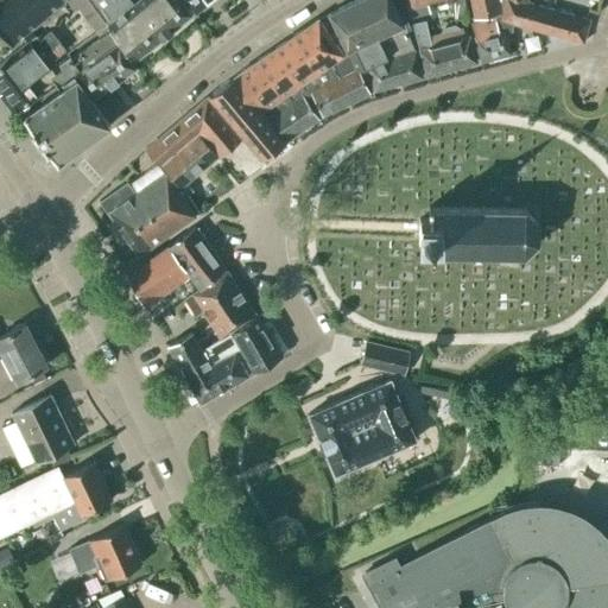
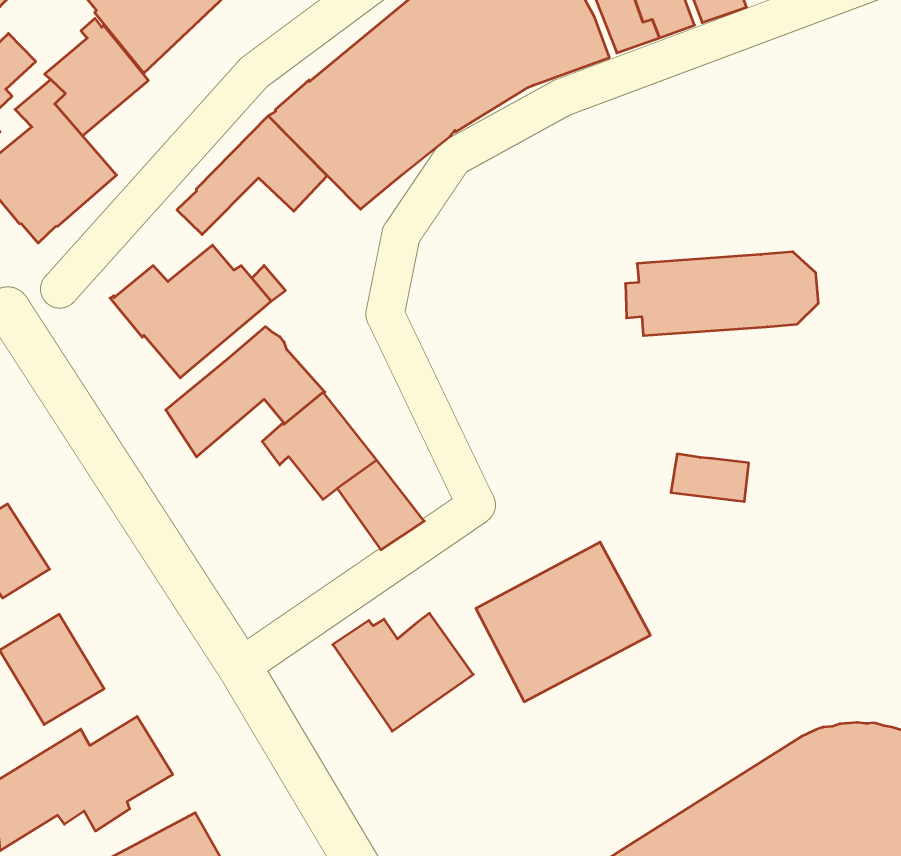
building: [160,137,218,190] -> none
building: [169,334,254,405] -> [333,613,473,731]
building: [360,343,410,376] -> [671,454,749,502]

